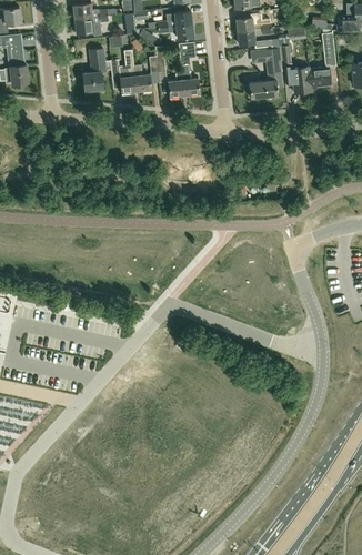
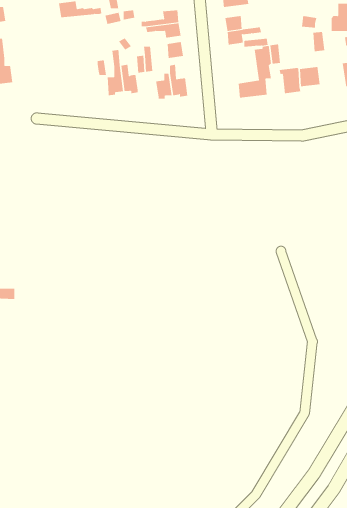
building: [74,16,108,36] -> none
building: [82,49,104,92] -> none

